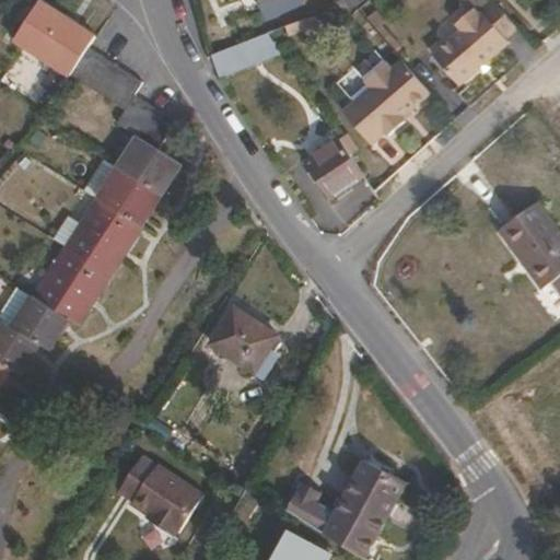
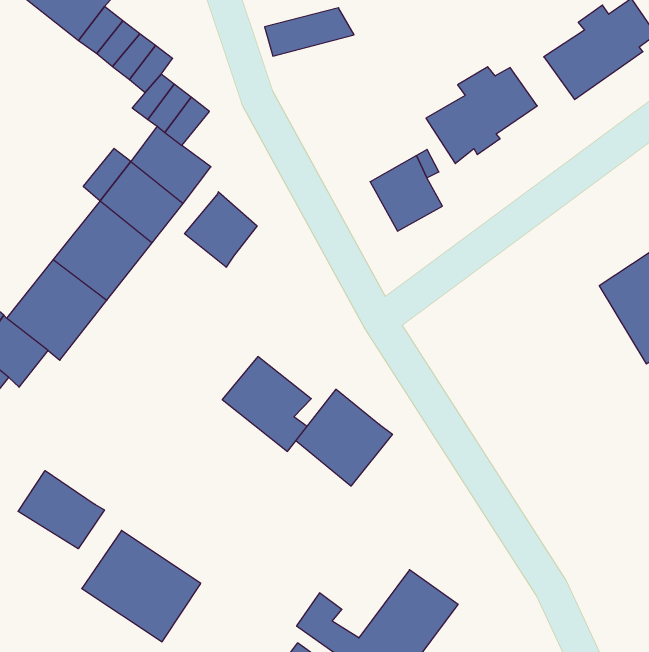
building: none -> [185,192,257,267]
building: none -> [296,389,392,486]
building: none -> [18,471,104,549]

